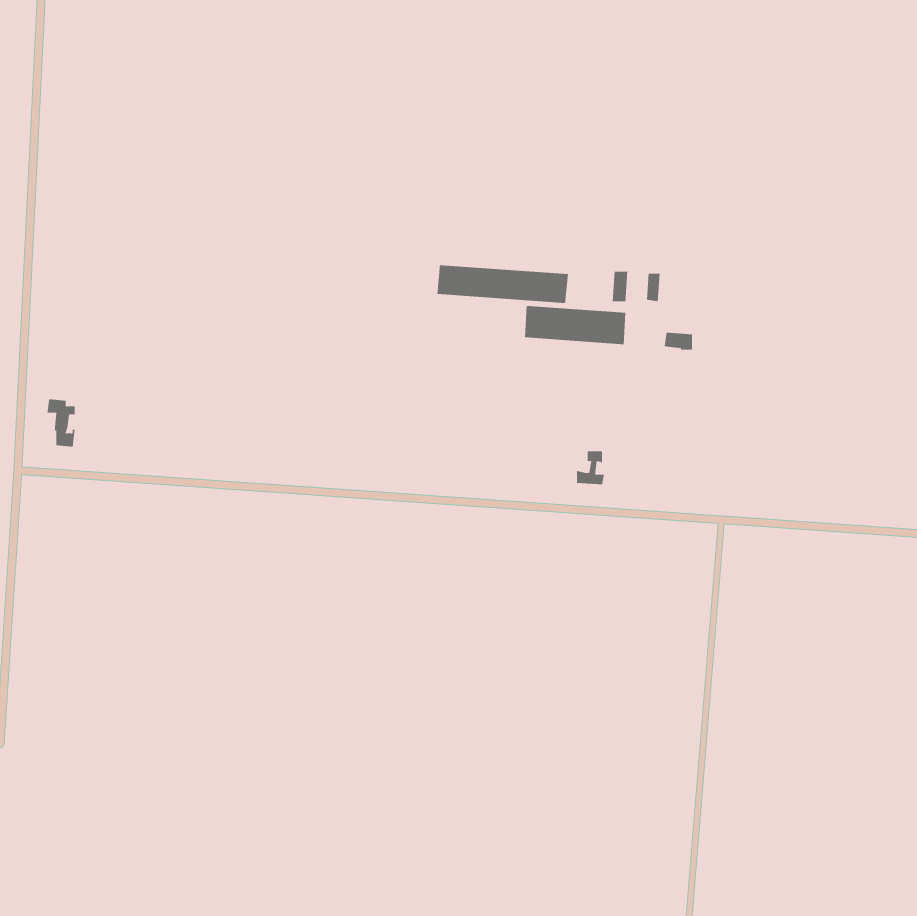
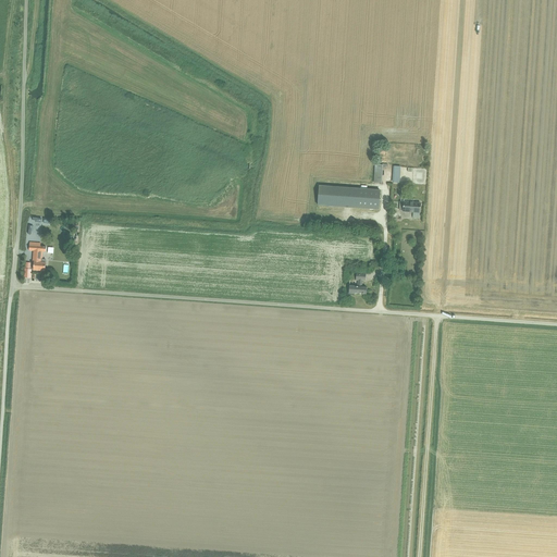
building: [437,264,568,304] -> none

